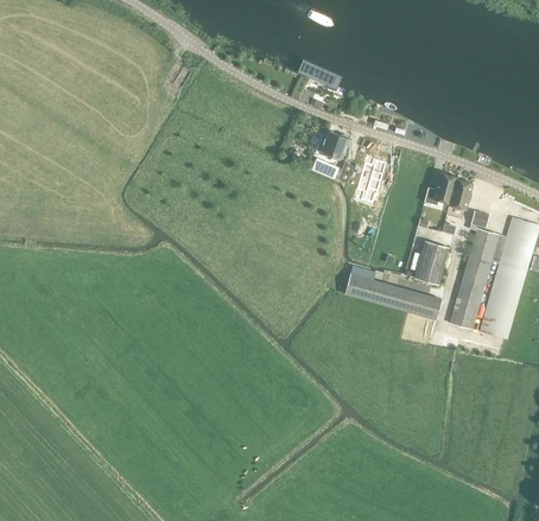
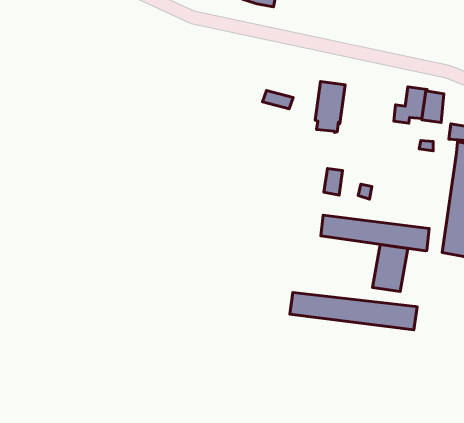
building: [319,129,348,158] -> none
building: [412,240,448,284] -> [373,244,408,292]
building: none -> [290,293,417,330]

